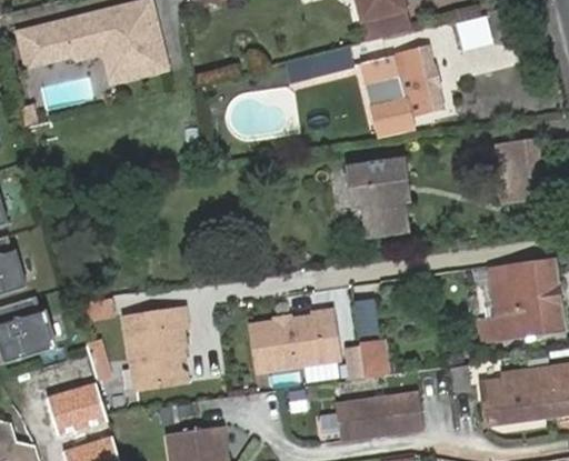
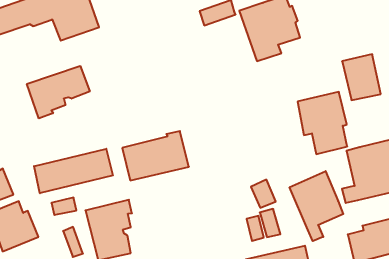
building: none -> [27,66,90,118]
building: [346,156,410,238] -> [298,92,347,154]
building: none -> [34,149,113,193]
building: none -> [290,171,343,241]
building: [251,309,340,370] -> [122,131,189,180]

